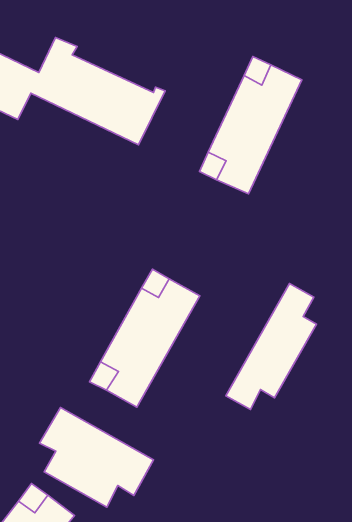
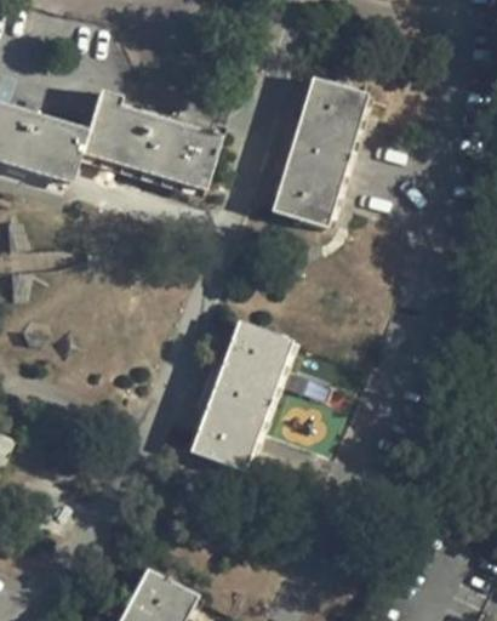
building: [226,284,317,409] -> none
building: [40,407,153,507] -> none

